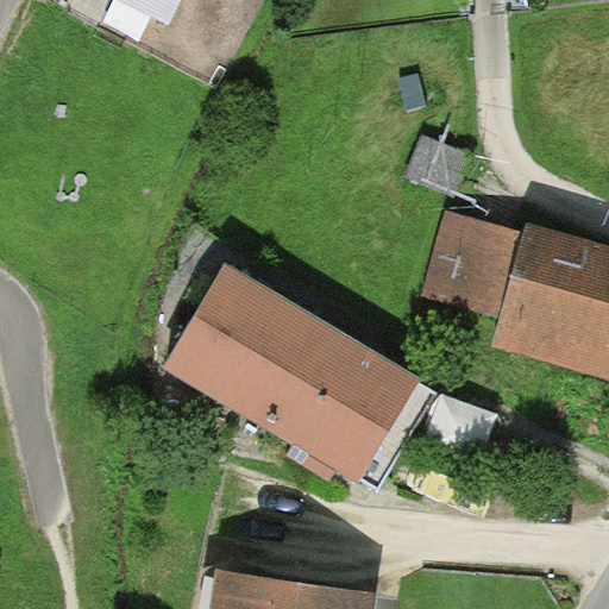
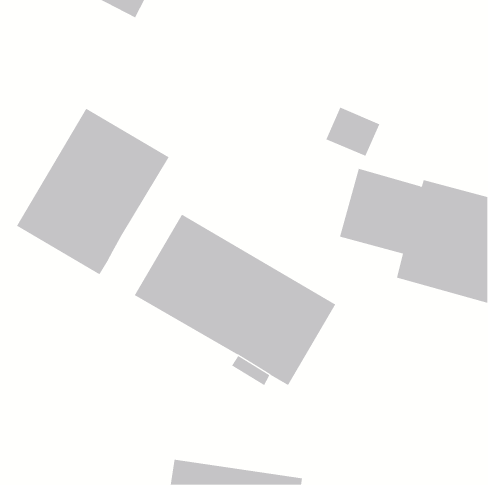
building: none -> [16,108,169,275]

